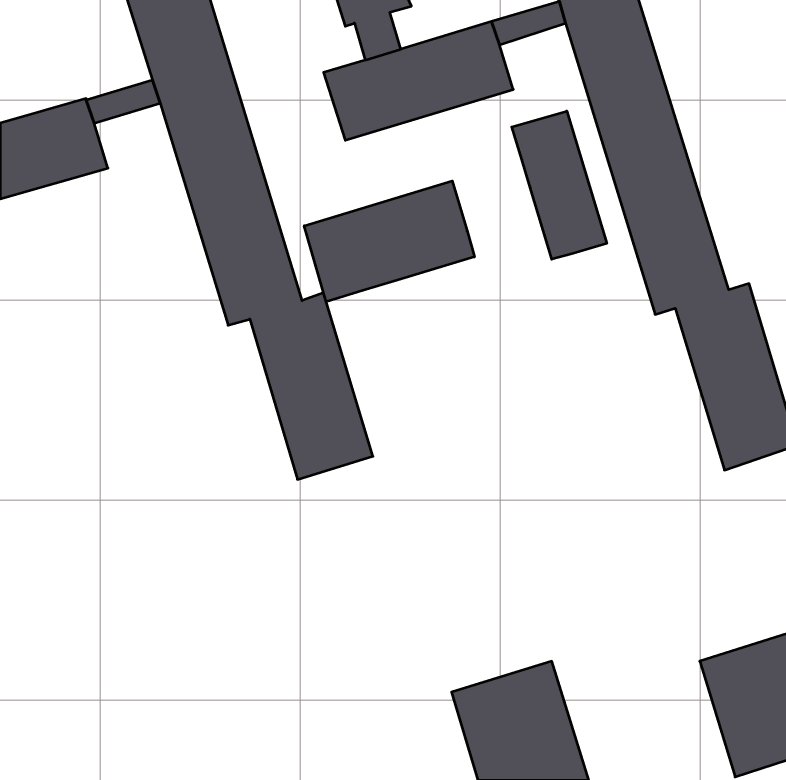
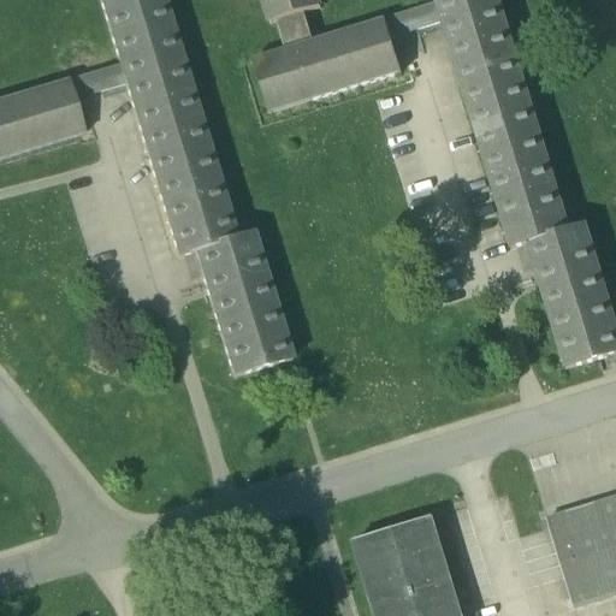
building: [512,111,607,259] -> none
building: [304,181,474,302] -> none

